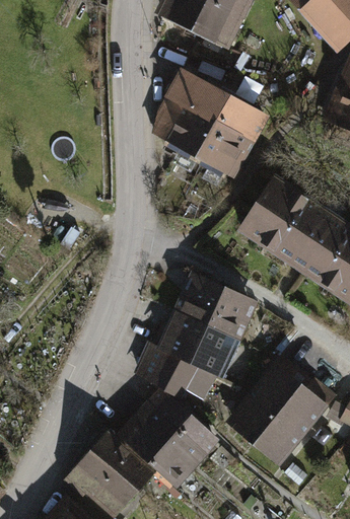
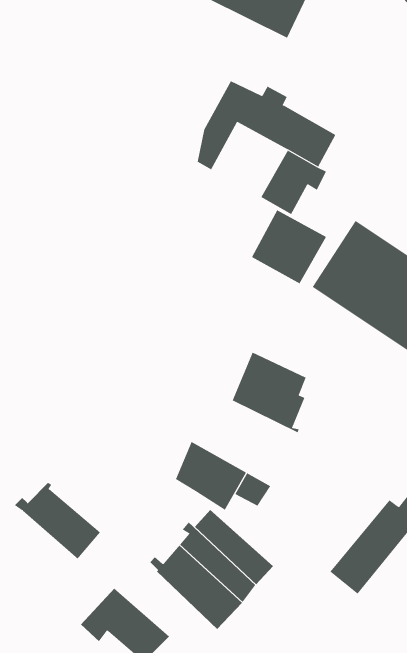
building: [168,106,225,162] -> [251,210,327,284]
building: [166,314,233,375] -> none
building: [236,372,301,442] -> none
building: [89,433,154,491] -> [14,482,101,560]

